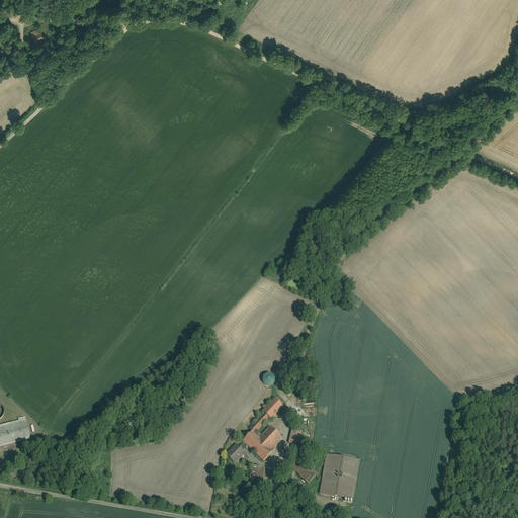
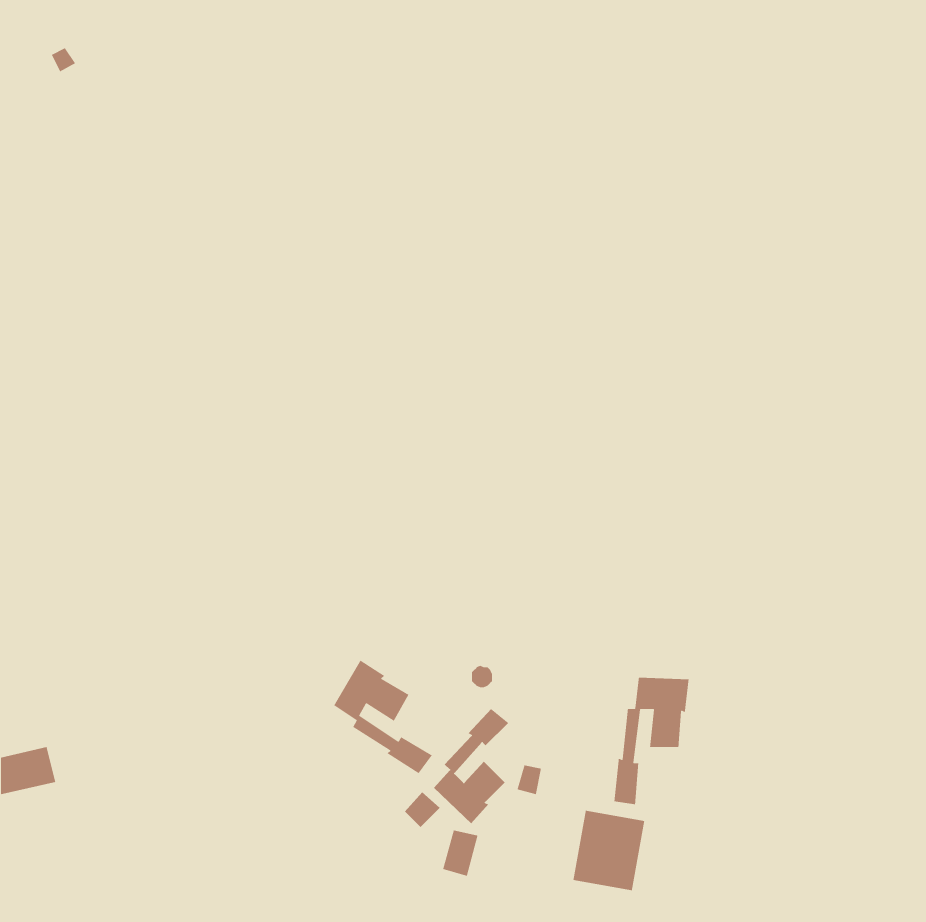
building: none -> [333,660,433,774]
building: none -> [614,677,690,805]

